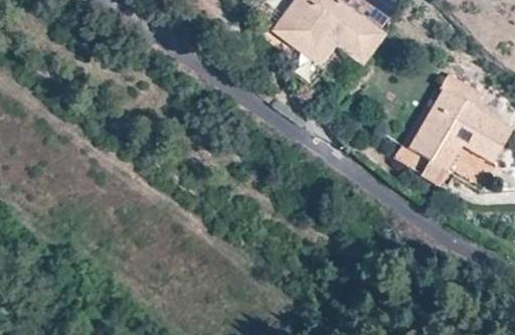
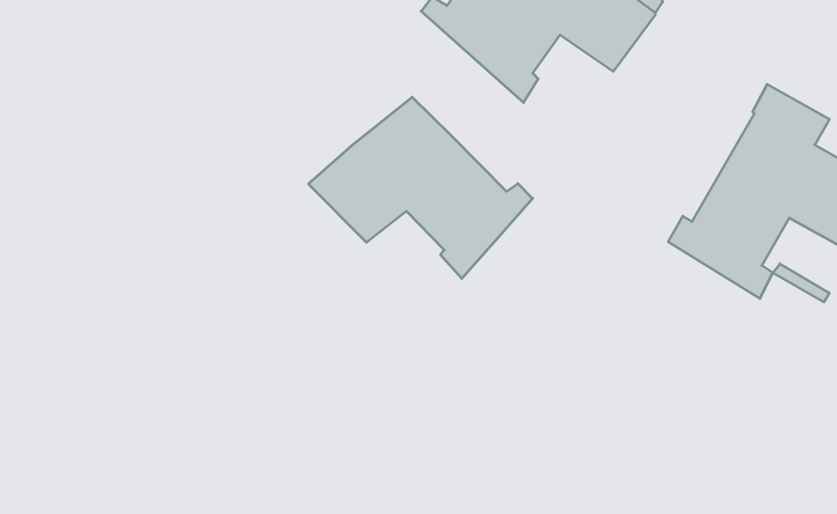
building: none -> [309,97,533,279]

